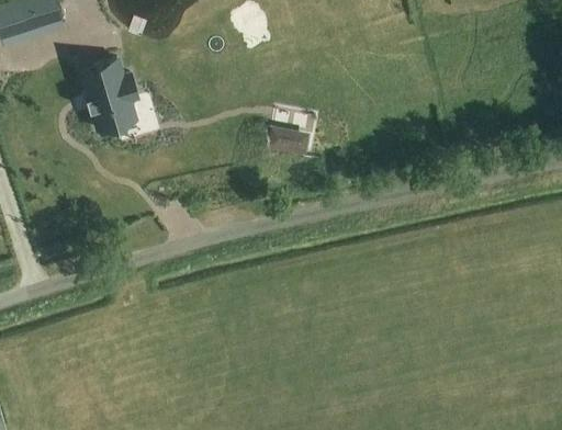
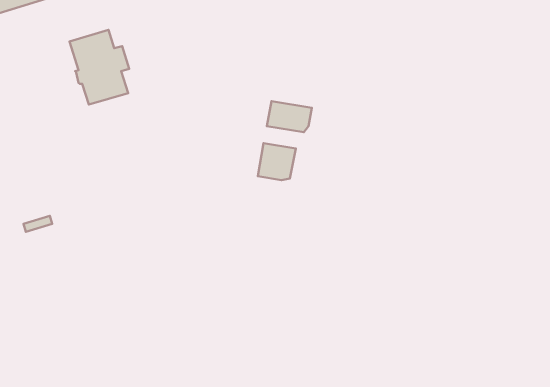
building: none -> [258,143,296,180]

